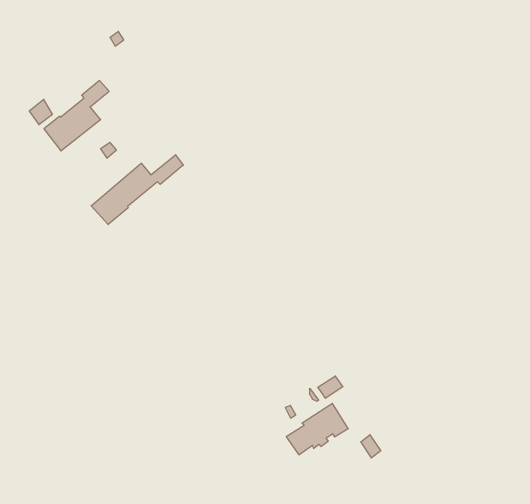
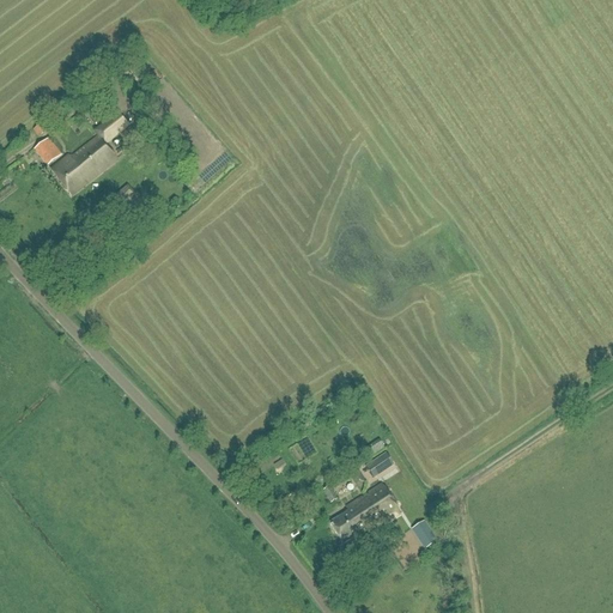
building: [91,155,183,225] -> none

